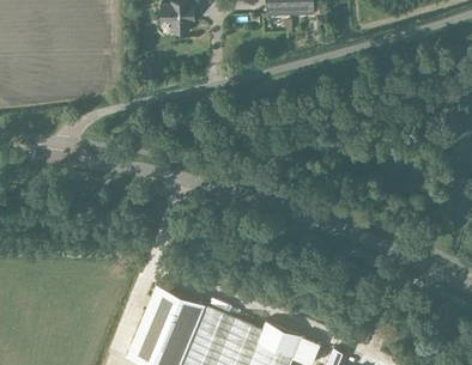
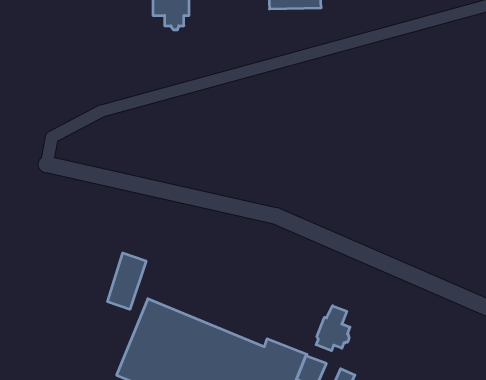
building: none -> [108,253,146,309]
building: none -> [316,306,350,351]

